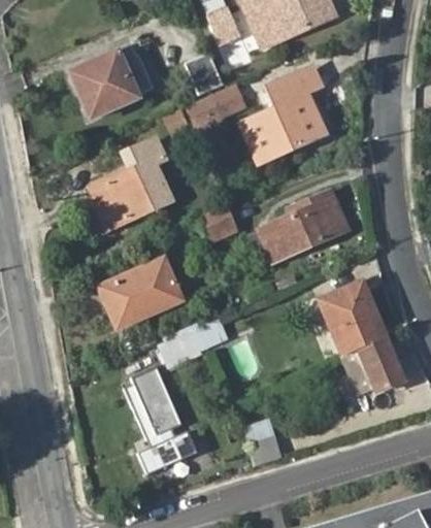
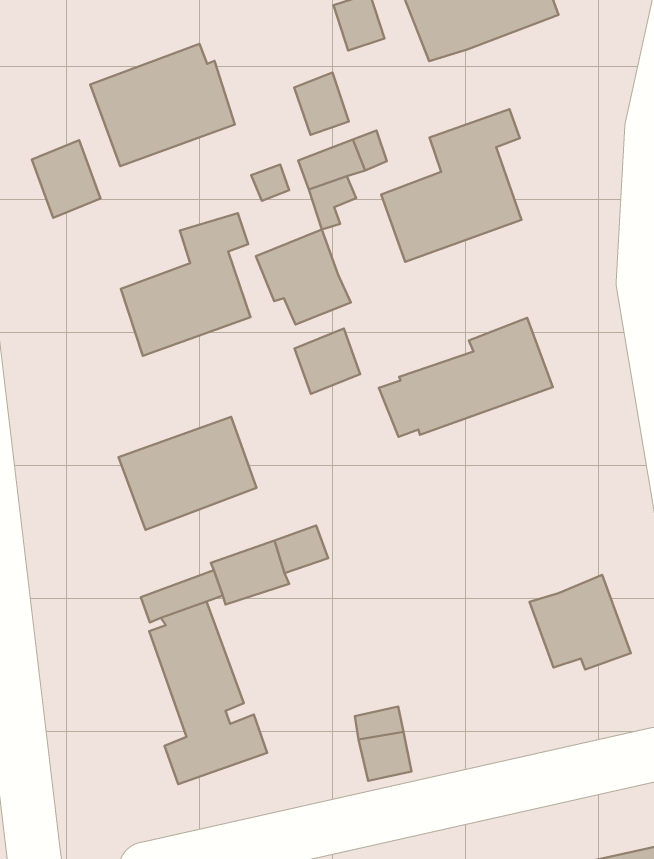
building: none -> [32,140,100,218]
building: none -> [256,230,351,324]
building: [321,283,386,355] -> none

